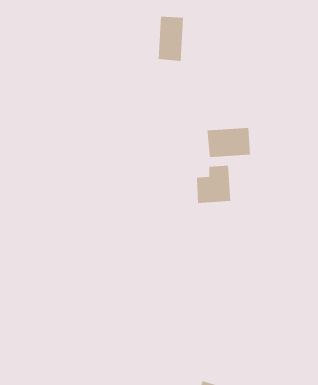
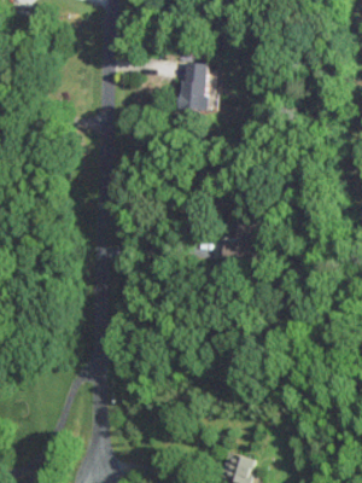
building: [207,127,250,158] -> none

